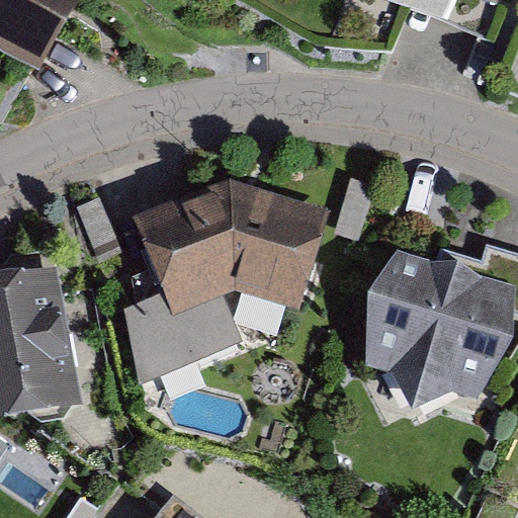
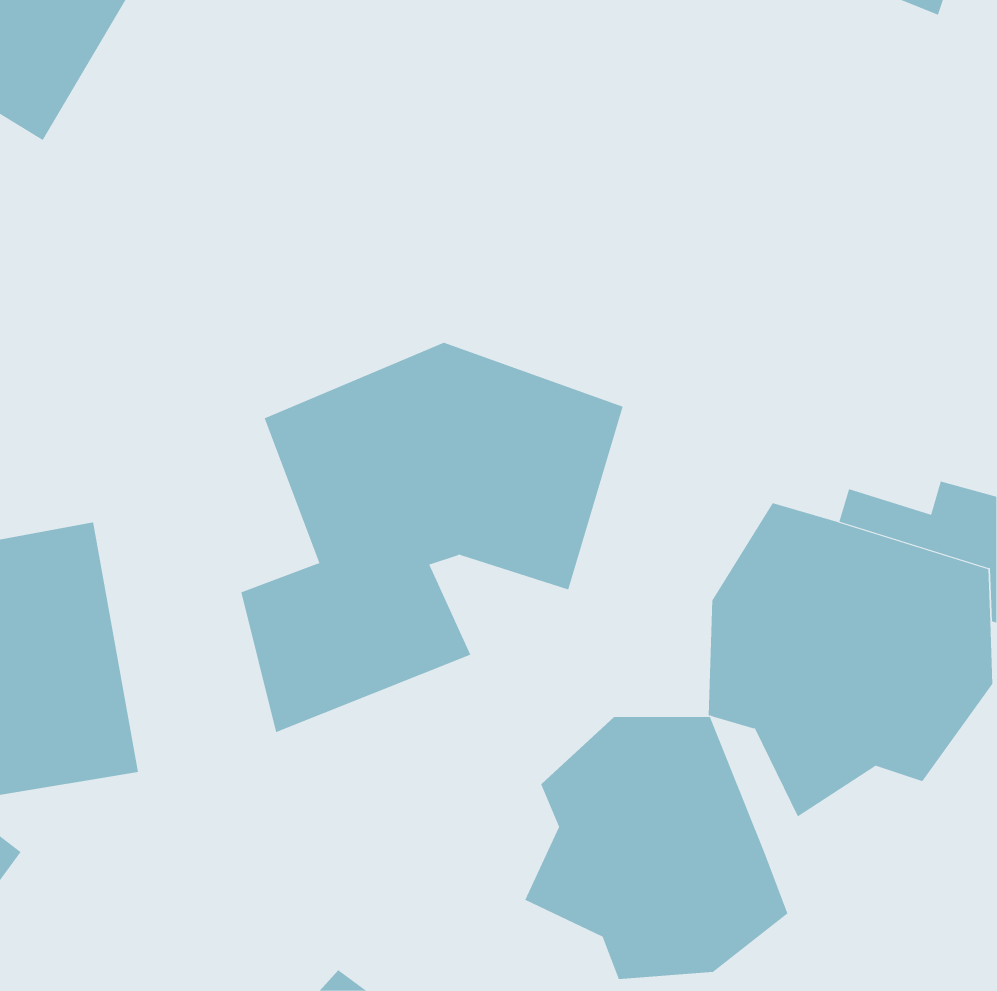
building: none -> [525,716,788,980]

